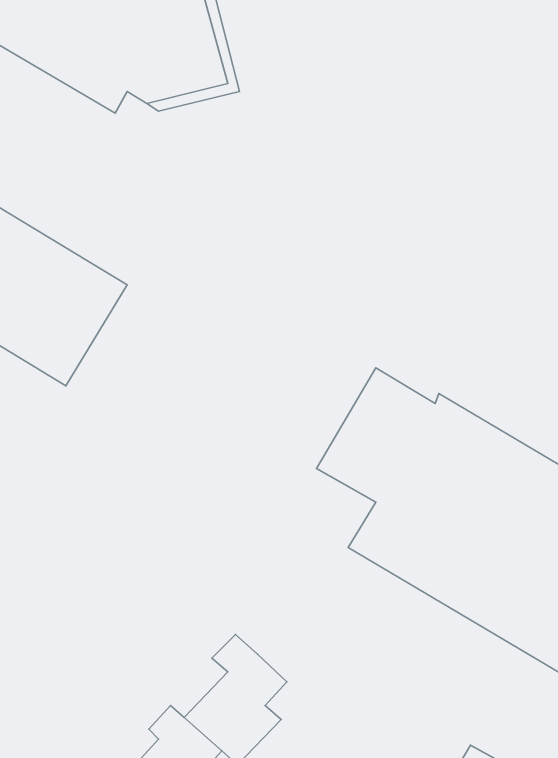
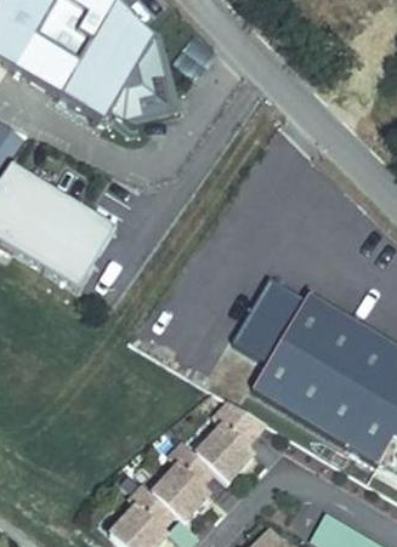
building: none -> [195,400,265,482]

